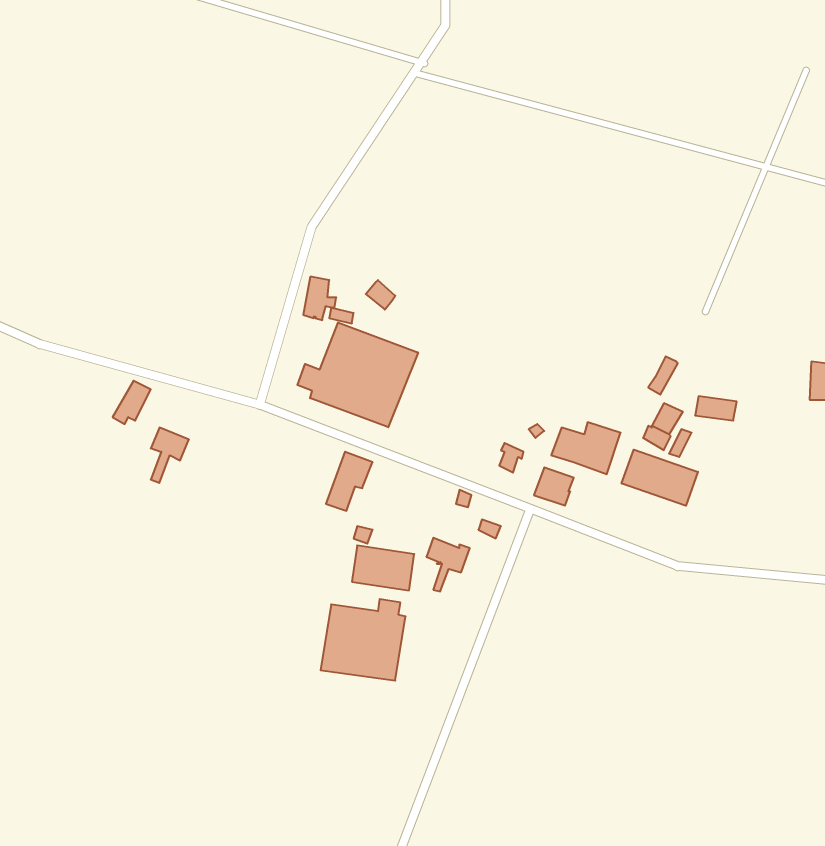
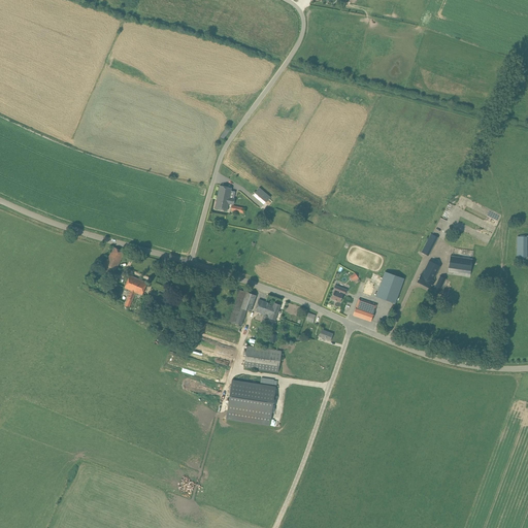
building: [297,322,418,427] -> none
building: [622,450,698,506] -> none
building: [426,538,470,591] -> [255,298,280,330]

